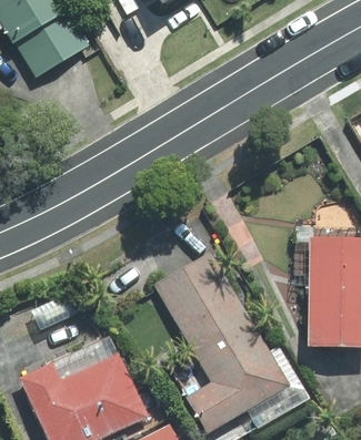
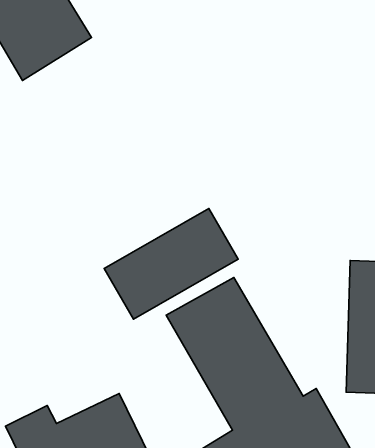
building: none -> [104,209,238,319]

